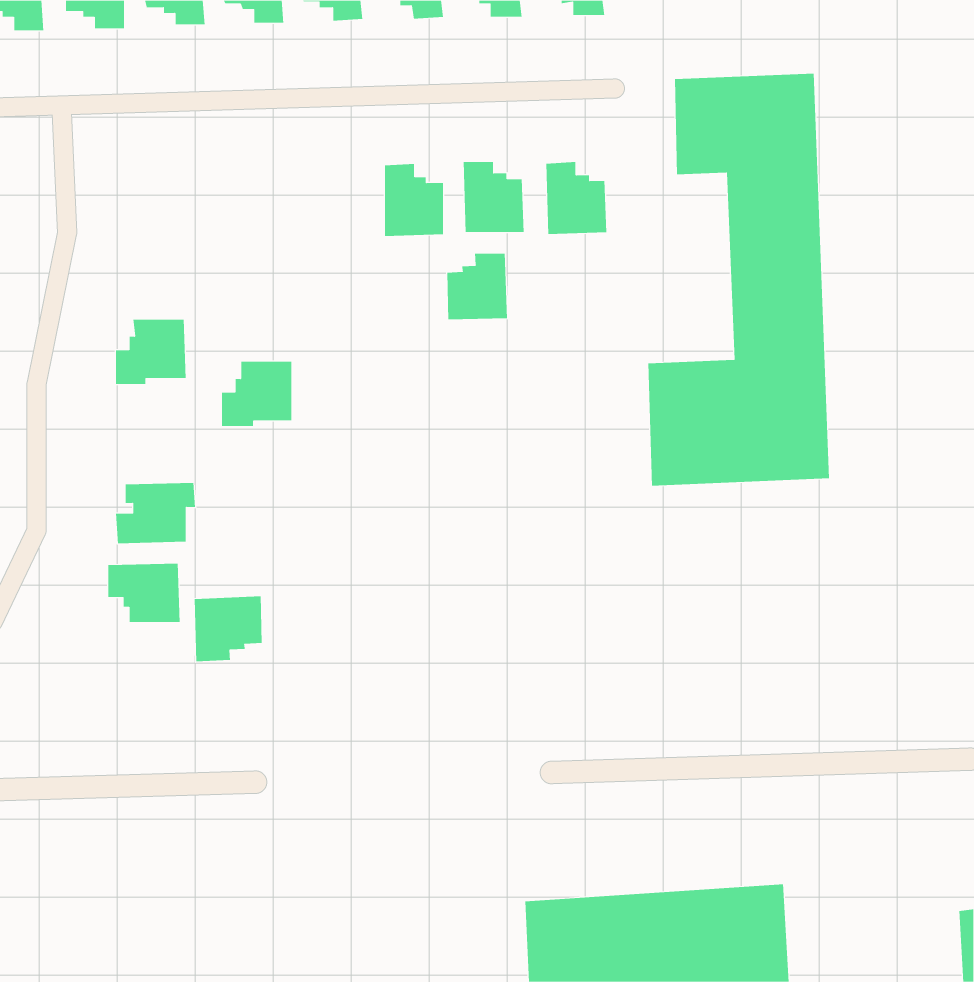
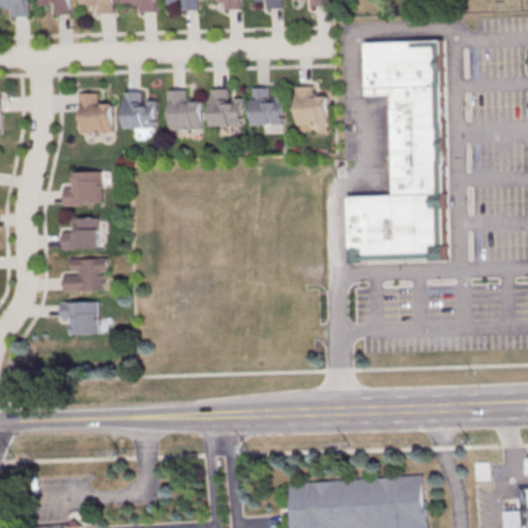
building: none -> [122,90,154,129]
building: none -> [165,92,198,130]
building: none -> [77,94,110,132]
building: [447,253,507,320] -> none
building: [221,361,292,427] -> [59,218,97,253]
building: [194,595,262,662] -> none

